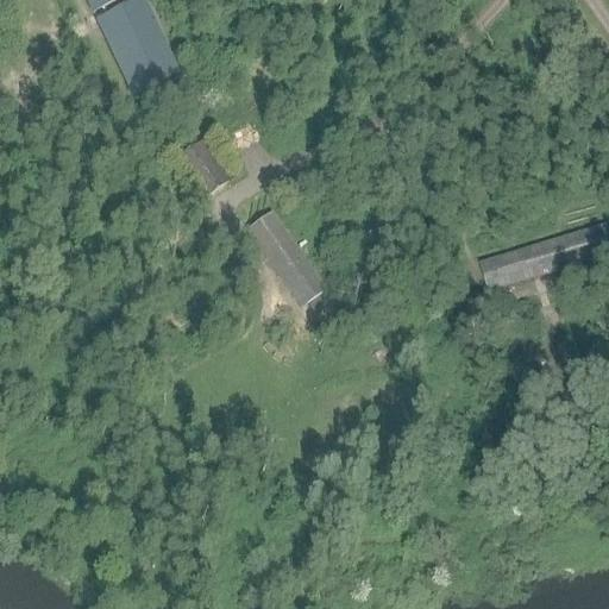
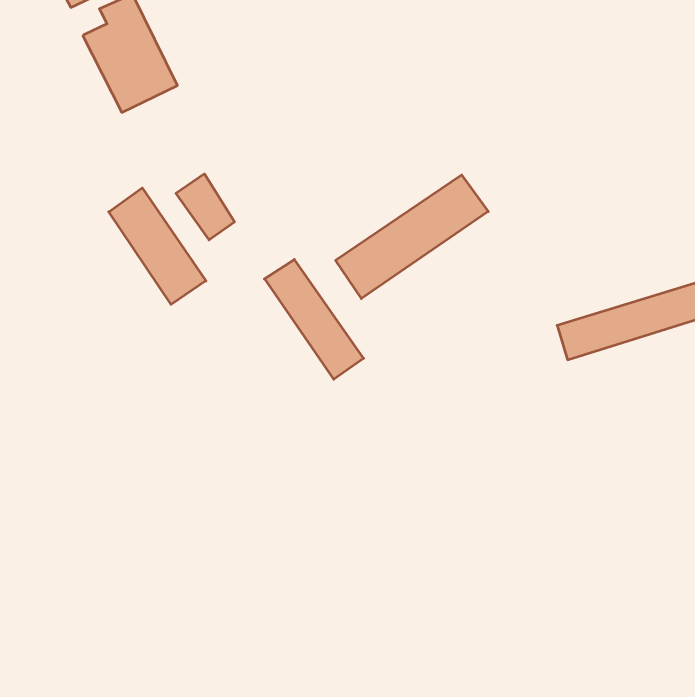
building: none -> [336,175,488,299]
building: none -> [109,188,206,304]

